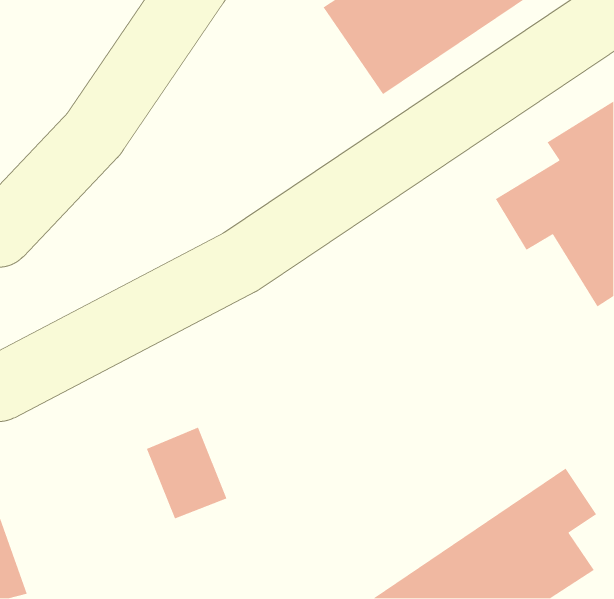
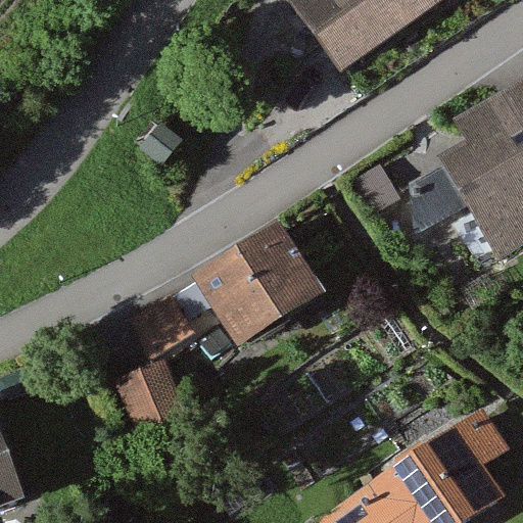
building: none -> [128,220,331,359]

